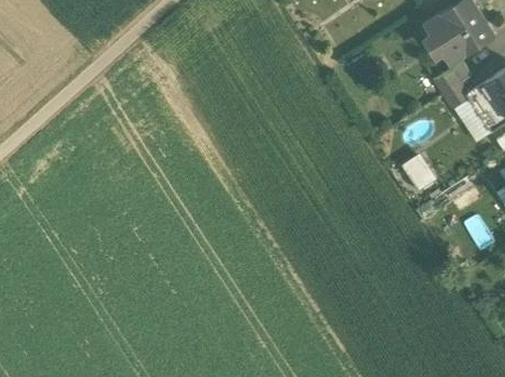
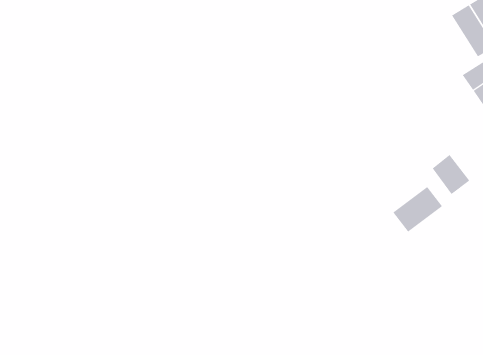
building: none -> [392,186,443,233]

